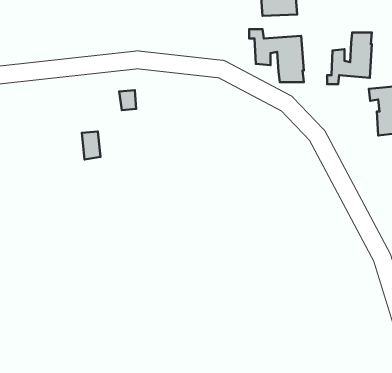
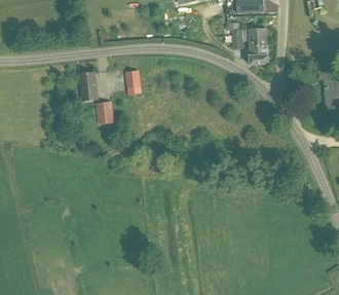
building: [327,33,372,84] -> none
building: none -> [79,73,97,101]

